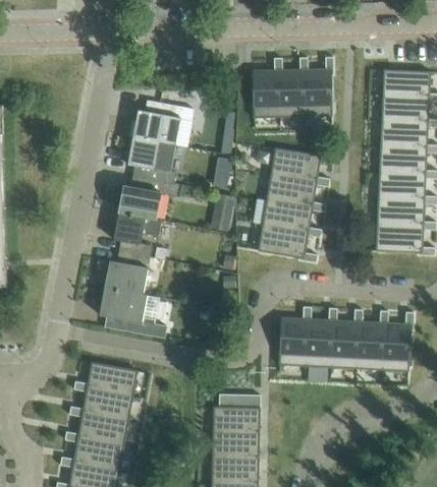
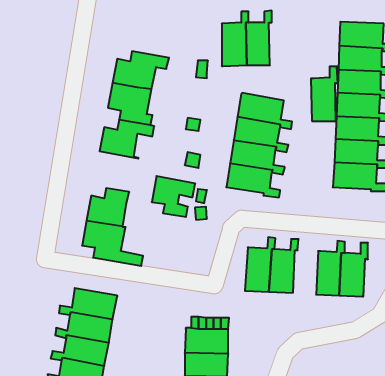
building: [306,57,335,117] -> [311,66,338,121]
building: [114,211,162,256] -> [152,176,195,217]
building: [332,309,364,369] -> none

